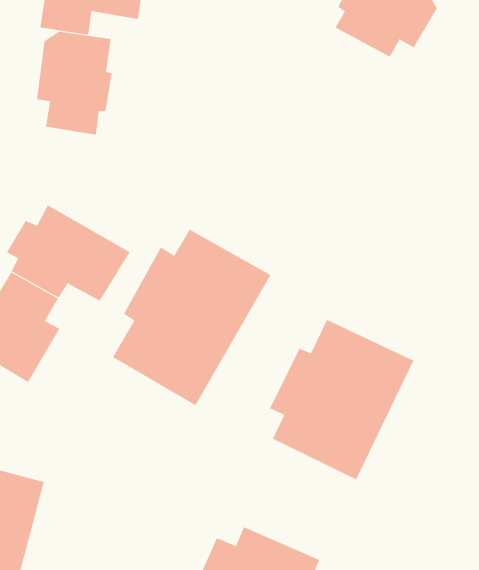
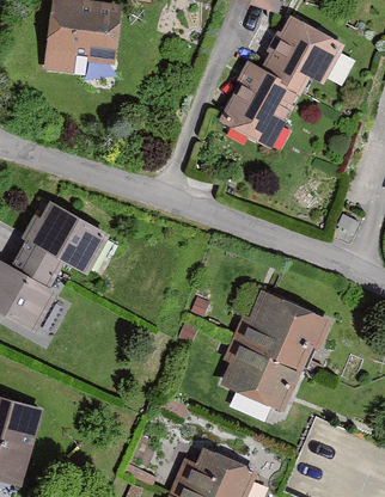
building: none -> [225,59,308,153]
building: [36,31,112,136] -> none
building: [112,229,271,406] -> none

